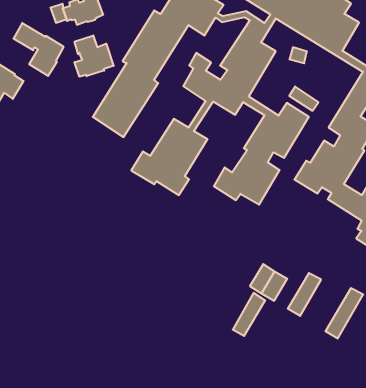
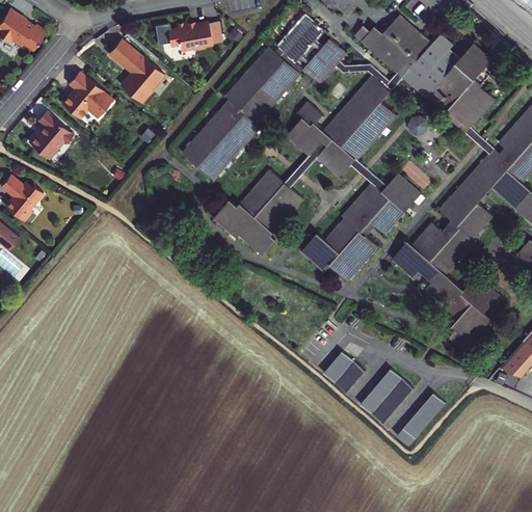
building: [75,35,114,77] -> none
building: [233,293,265,336] -> [372,376,414,422]

